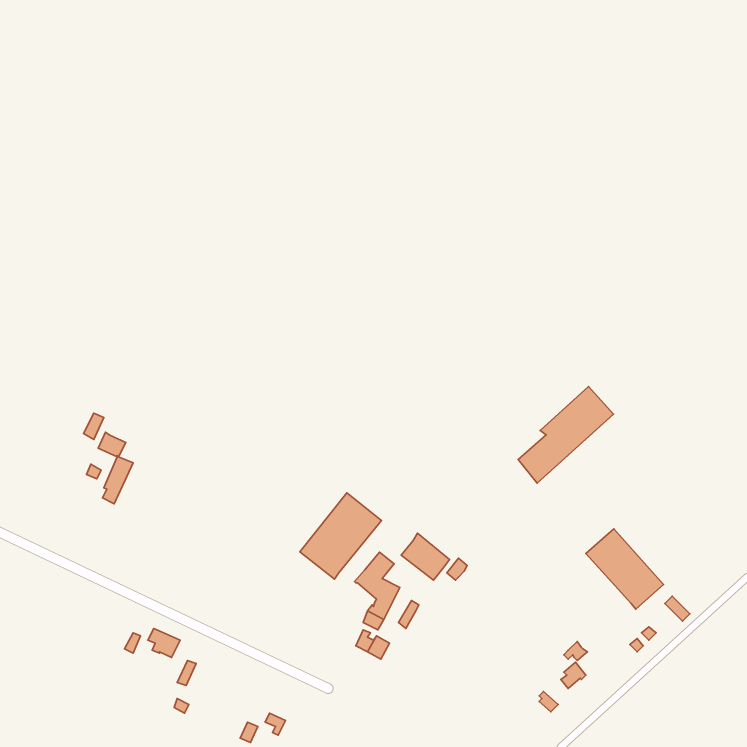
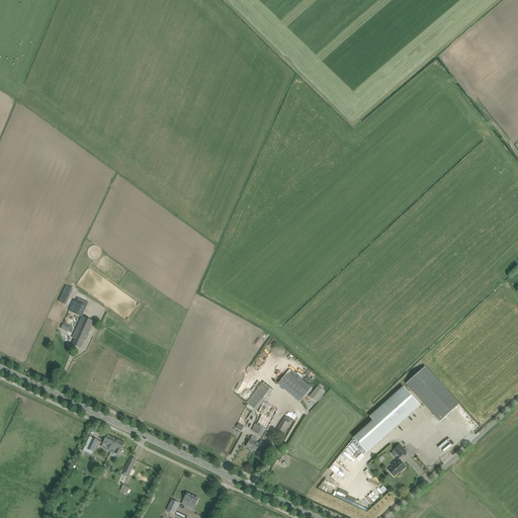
building: [518,386,613,483] -> [353,385,419,452]
building: [300,493,381,579] -> none

